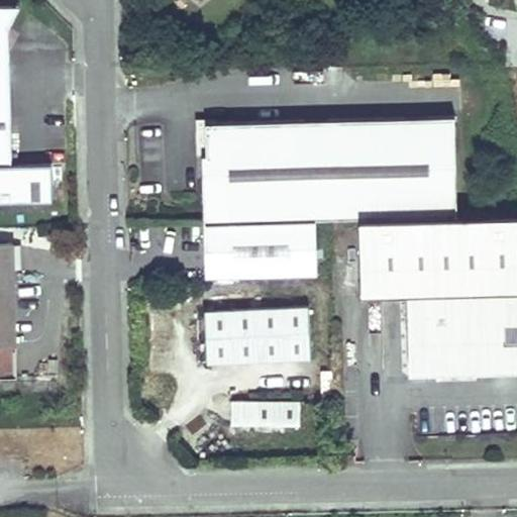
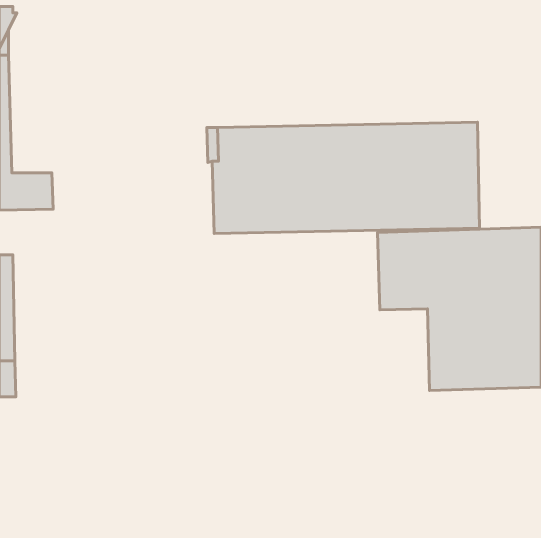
building: [204,224,316,281] -> none
building: [205,309,310,366] -> none
building: [229,404,299,431] -> none

